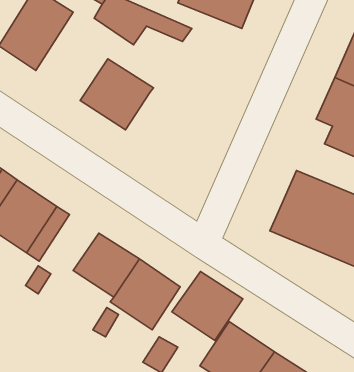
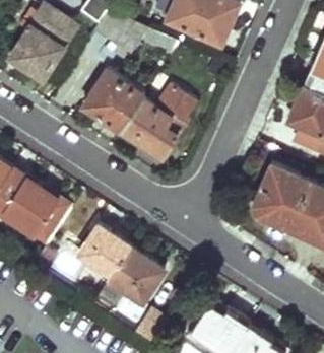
building: none -> [121,87,195,158]
building: [172,271,243,340] -> none

